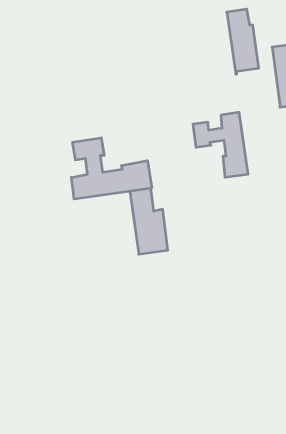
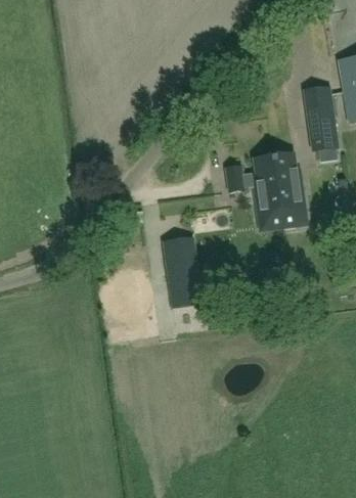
building: [227,9,259,74] -> [273,153,306,220]
building: [71,138,152,199] -> none

